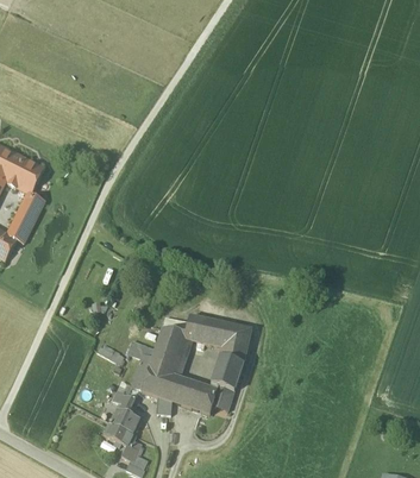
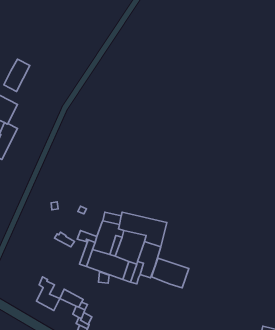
building: none -> [4,59,30,92]
building: none -> [151,258,189,288]
building: [109,388,142,434] -> [36,277,60,311]

